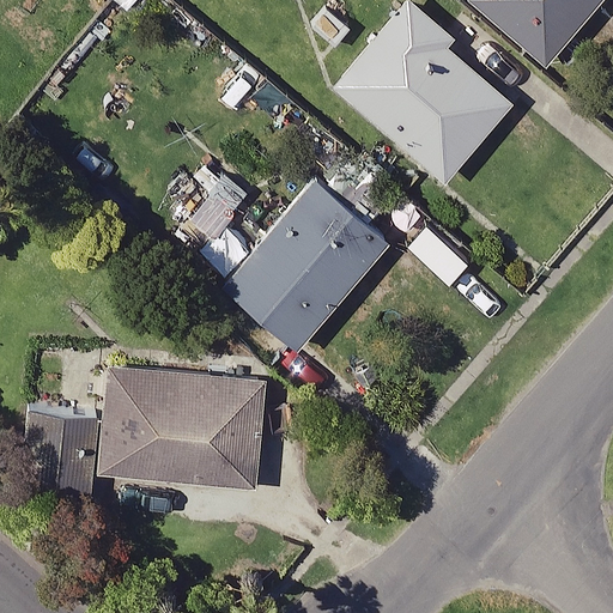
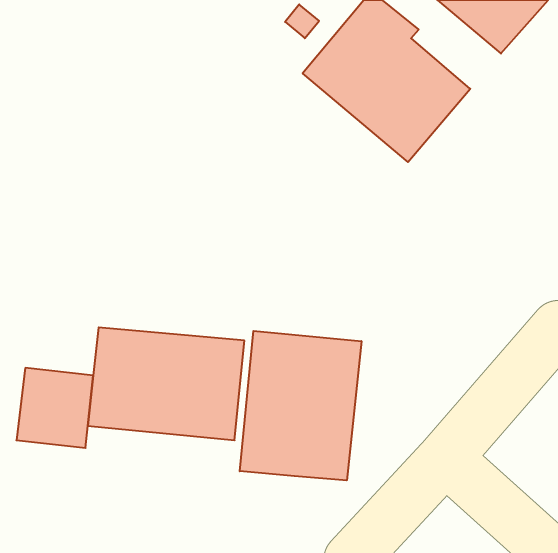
building: [221,177,390,351] -> none
building: none -> [240,331,361,480]

